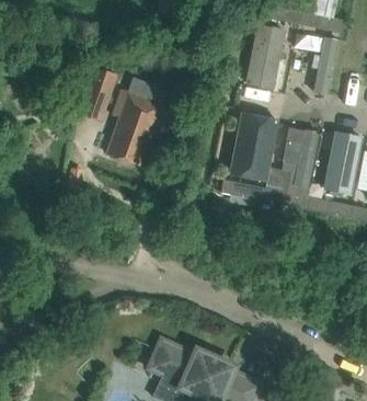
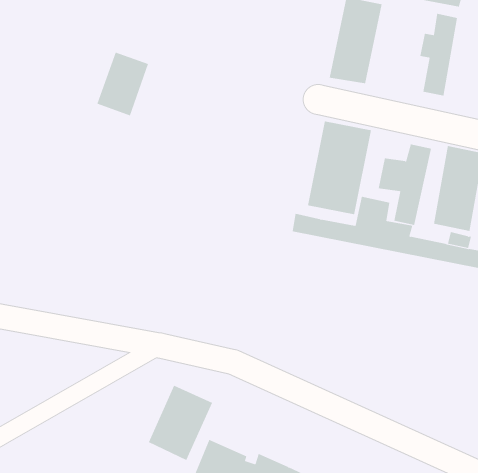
building: [107,89,161,165] -> none
building: none -> [148,385,213,461]

